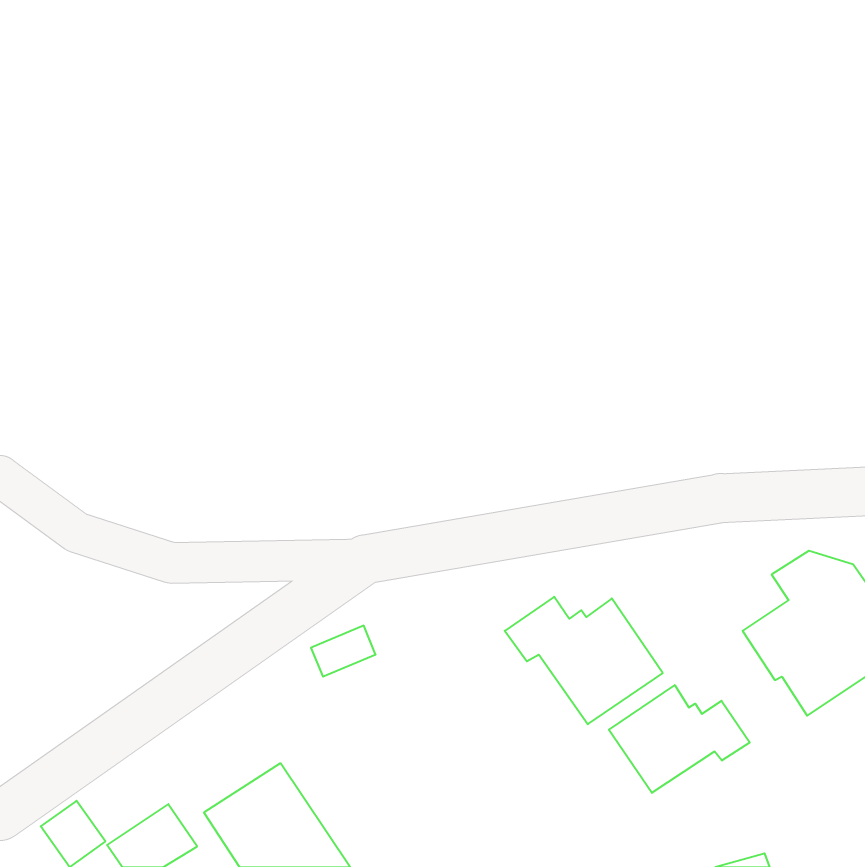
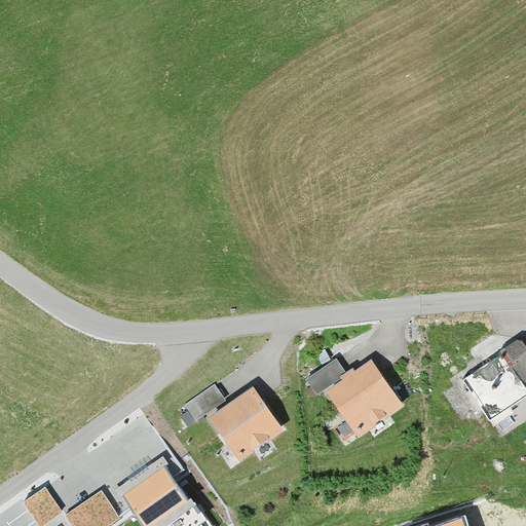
building: none -> [209,390,283,462]
building: [609,685,750,793] -> none

